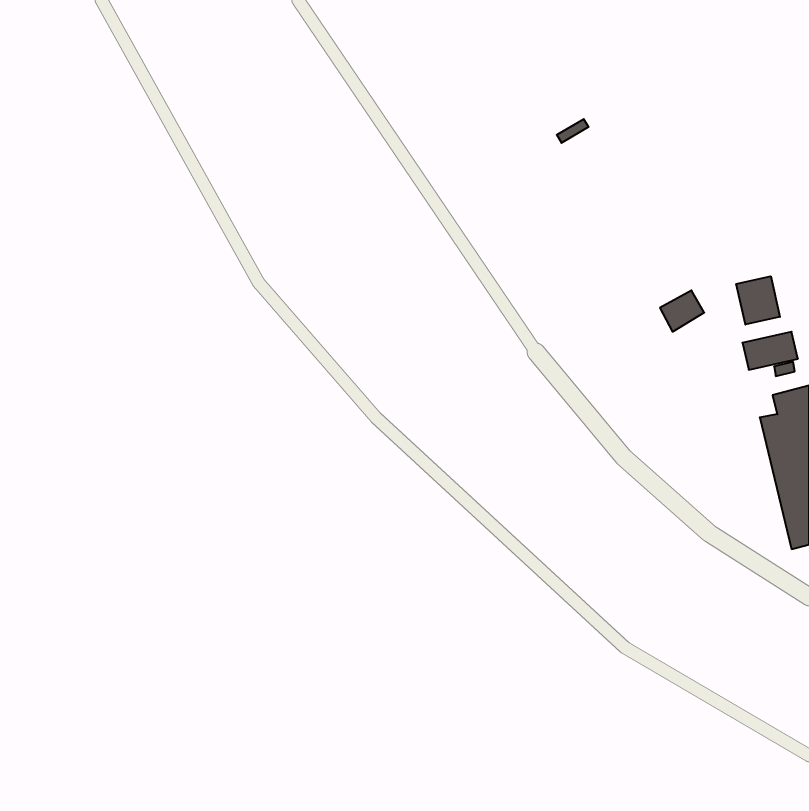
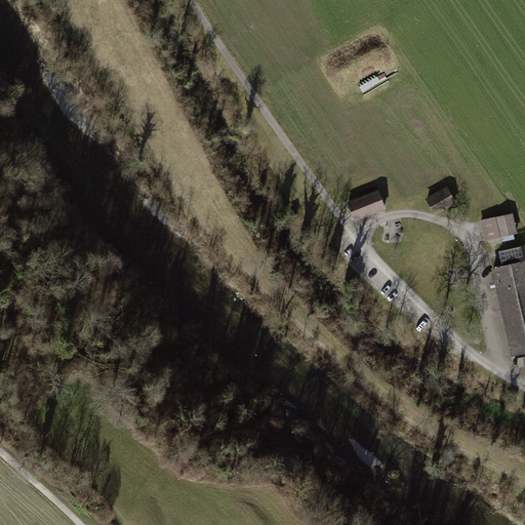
building: [736,276,780,325] -> none
building: none -> [348,191,385,219]

